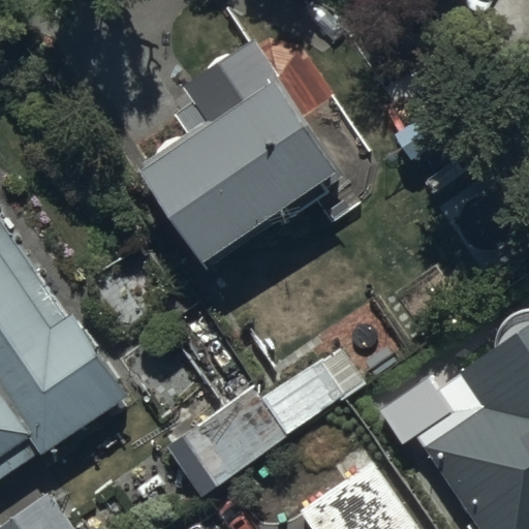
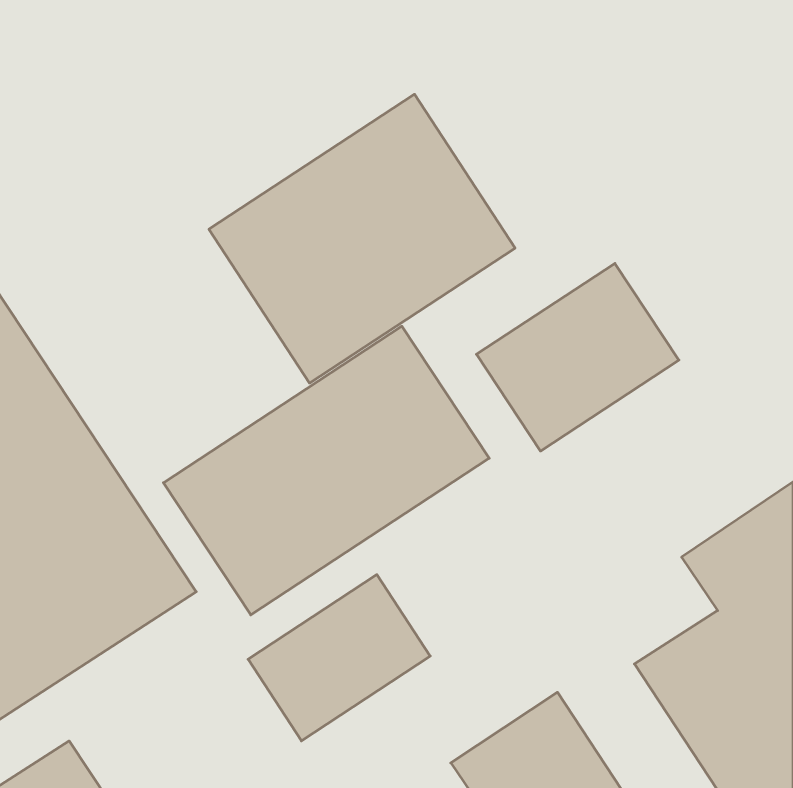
building: none -> [476,263,679,451]
building: none -> [163,326,489,615]

